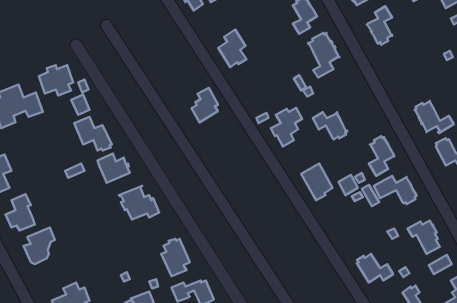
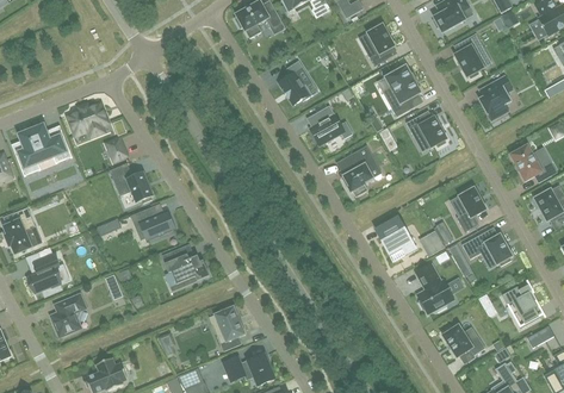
building: none -> [479,76,513,120]
building: [191,88,218,122] -> [310,105,341,145]
building: [313,112,347,140] -> [407,116,447,148]
building: none -> [415,264,453,312]

